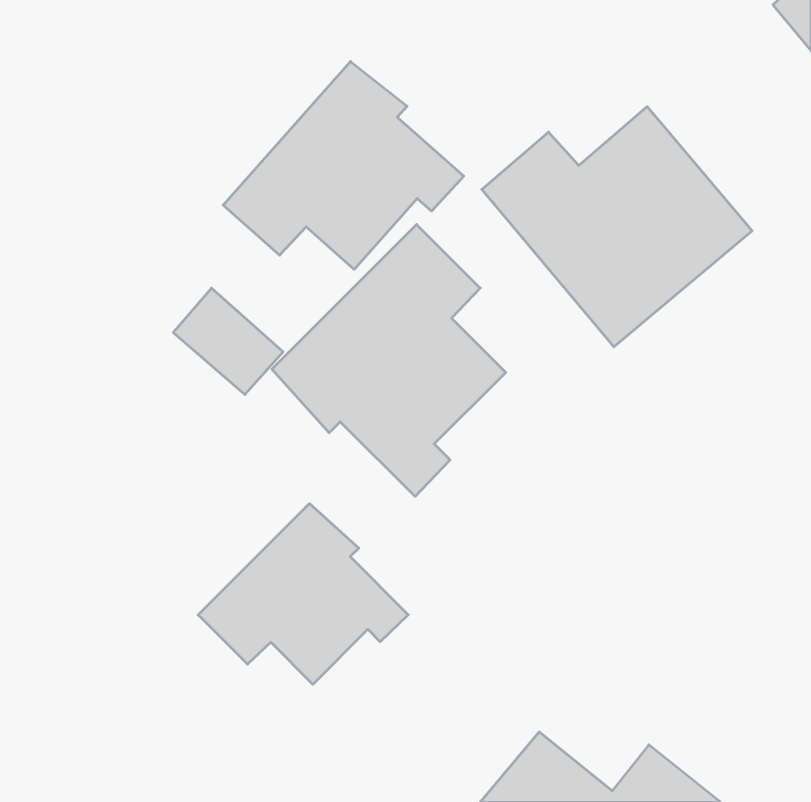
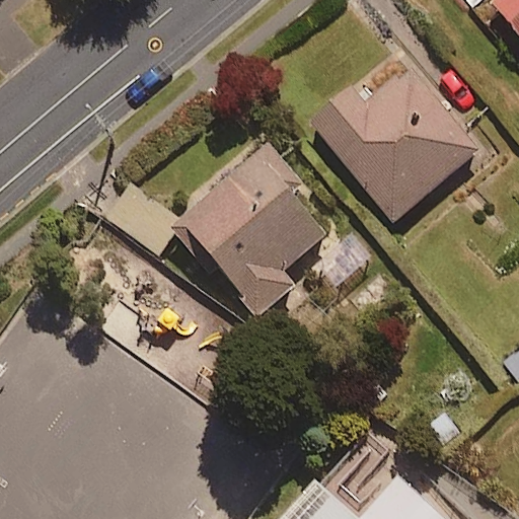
building: [223,61,464,269] -> none
building: [198,504,408,684] -> none

